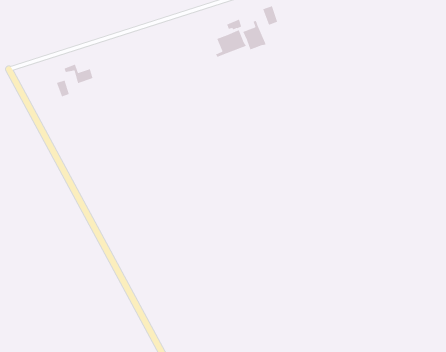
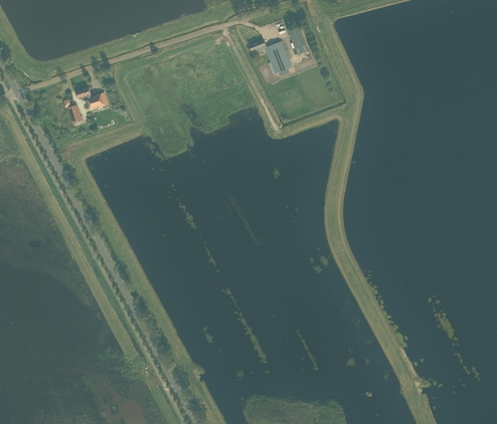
building: [215,29,247,58] -> none

